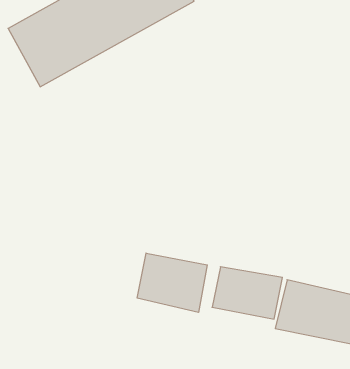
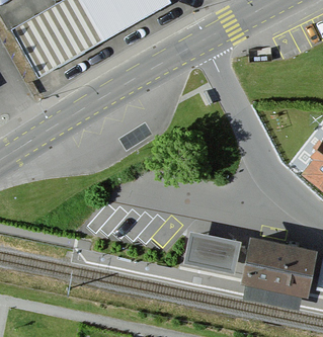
building: [137,253,207,312] -> none

